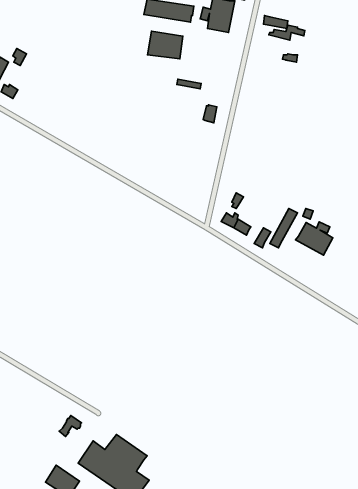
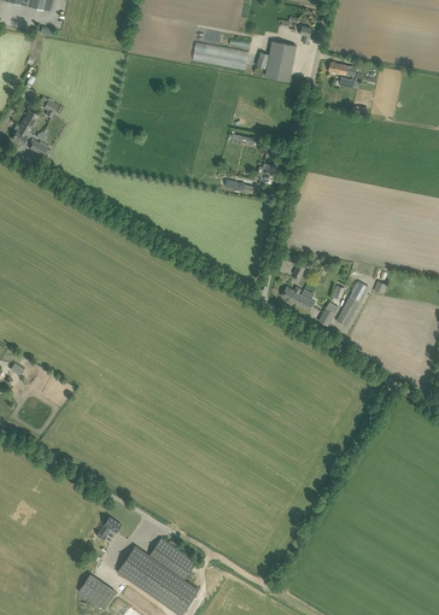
building: [148,31,183,59] -> none
building: [295,222,333,255] -> none

